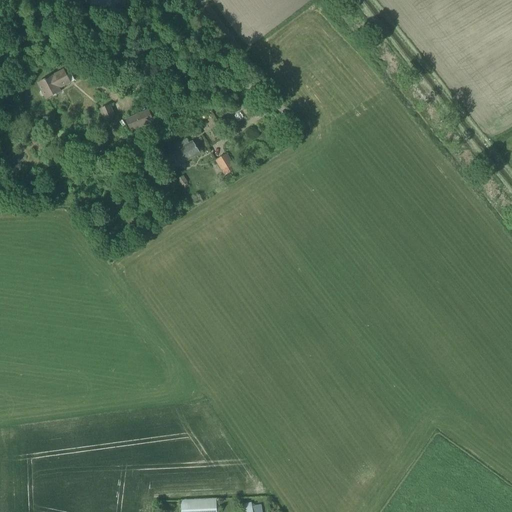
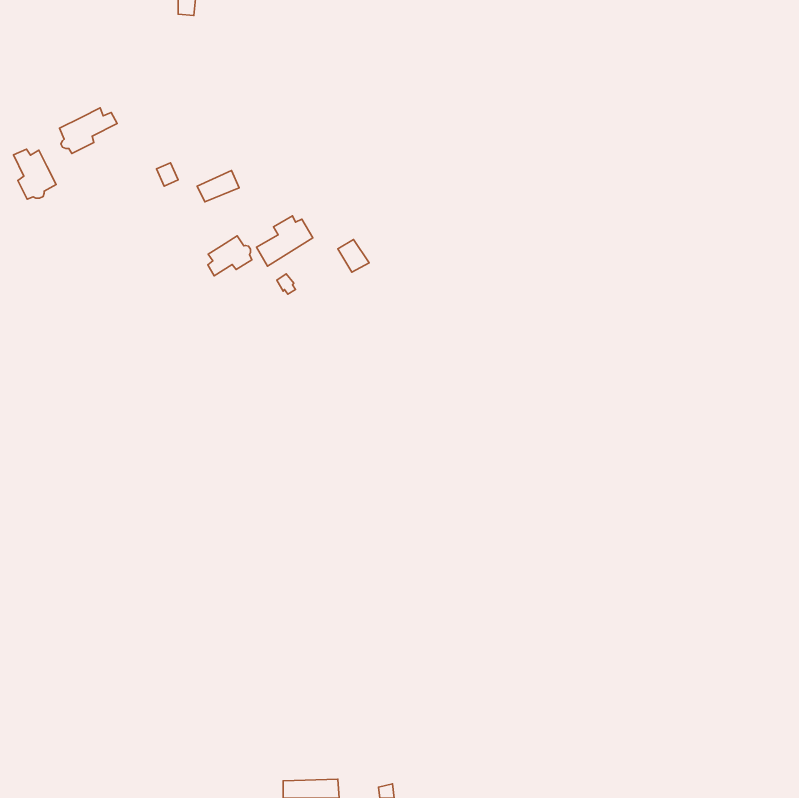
building: none -> [13,149,56,199]
building: none -> [208,236,252,276]

